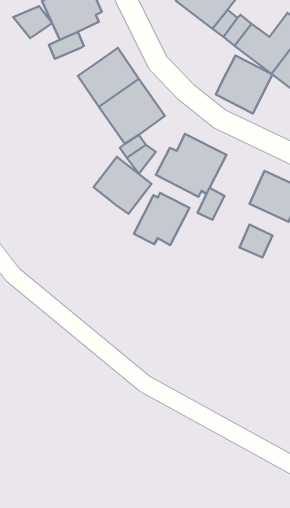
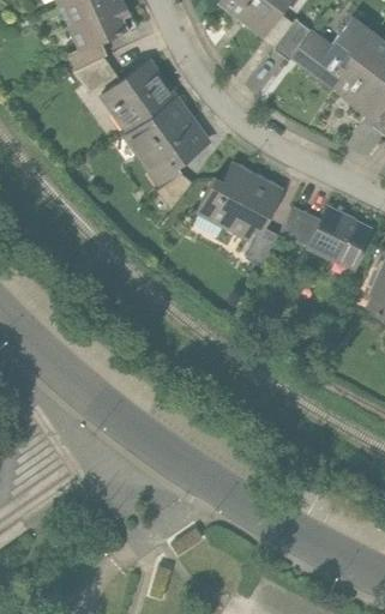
building: [13,6,52,38] -> [72,58,119,96]
building: [216,56,273,113] -> none
building: [93,157,152,214] -> none
building: [134,193,190,245] -> none
building: [239,224,272,257] -> [278,205,318,245]

